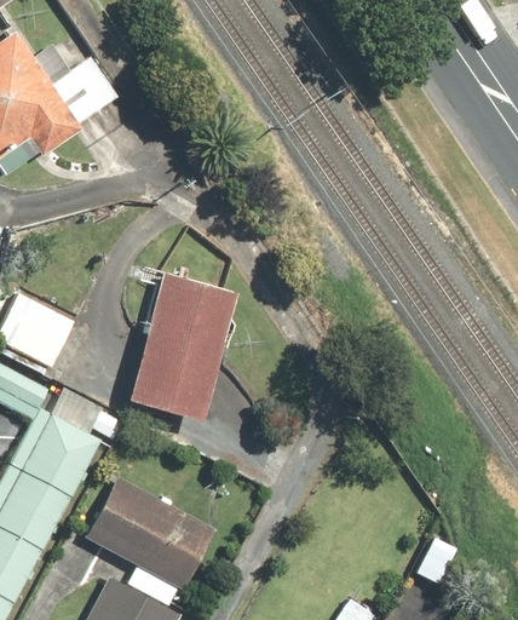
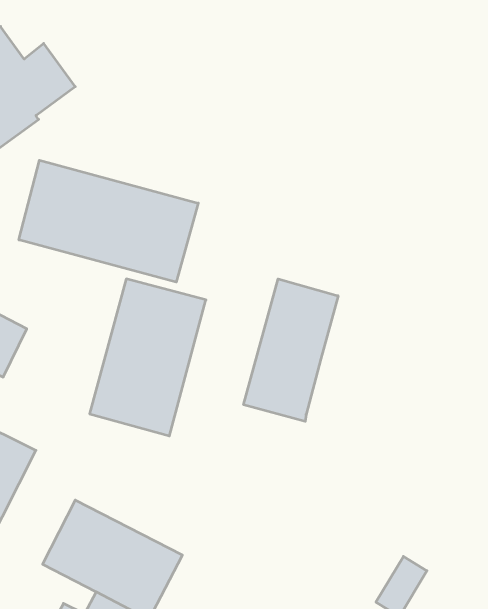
building: none -> [19,160,198,282]
building: none -> [244,279,338,421]

